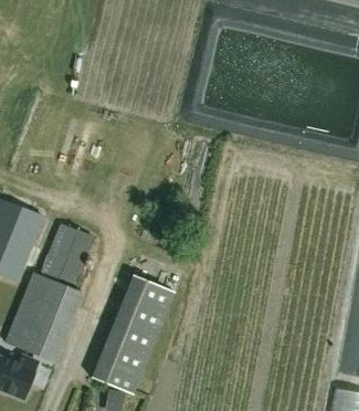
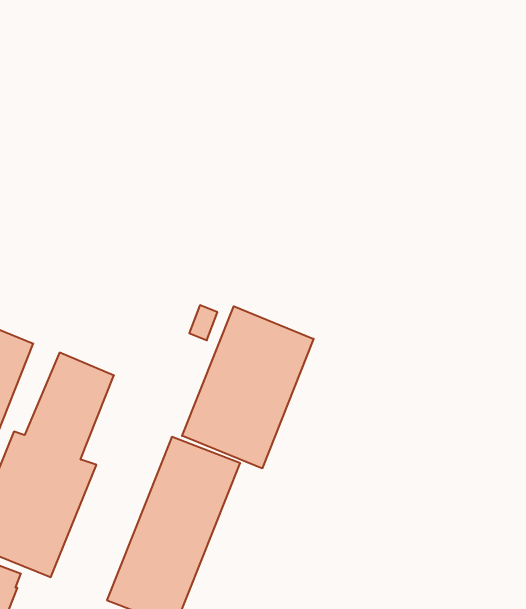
building: none -> [182,306,314,468]

